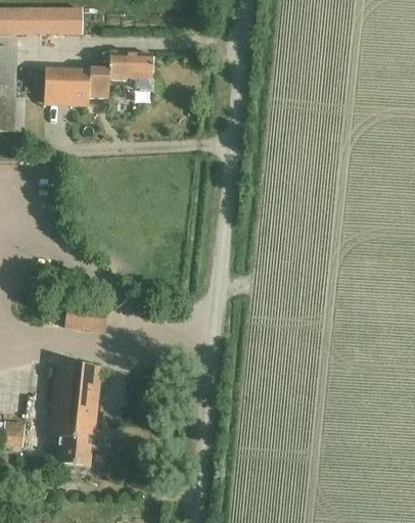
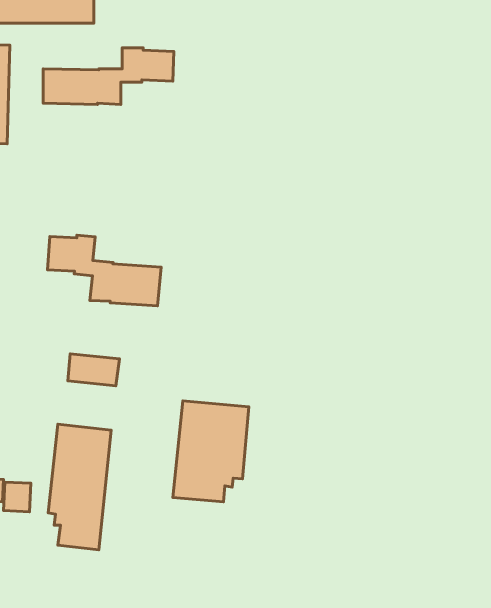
building: none -> [48,235,161,306]
building: none -> [173,401,249,502]

